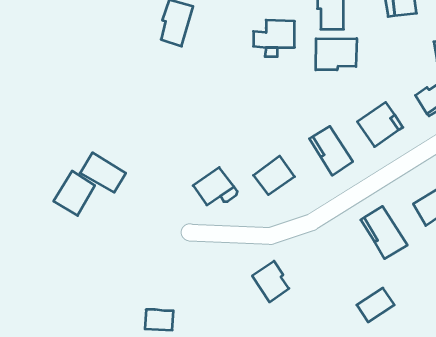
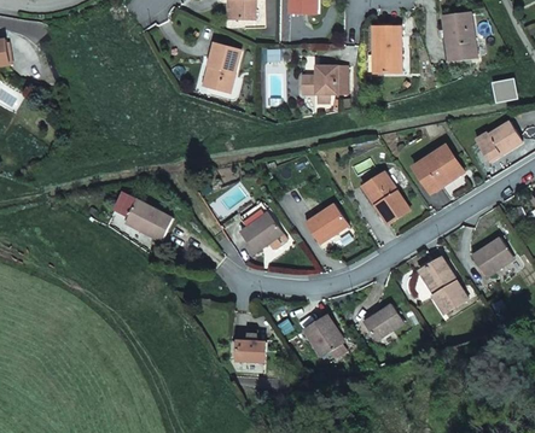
building: [316,38,357,70] -> none
building: [54,171,95,216] -> none
building: [357,288,394,322] -> [362,304,402,340]
building: [145,310,173,330] -> [234,341,264,363]

